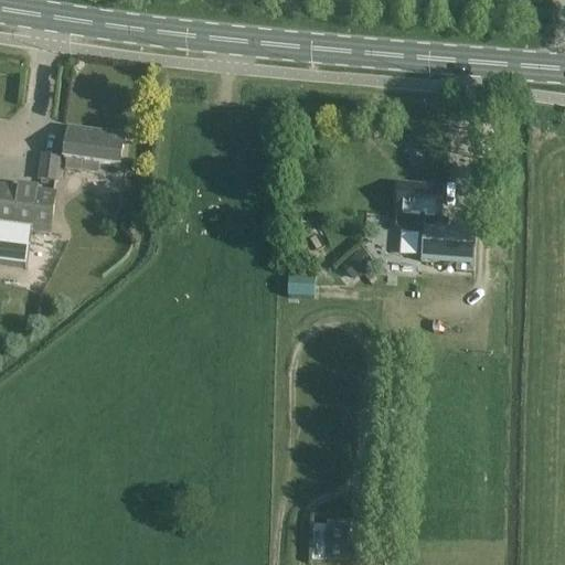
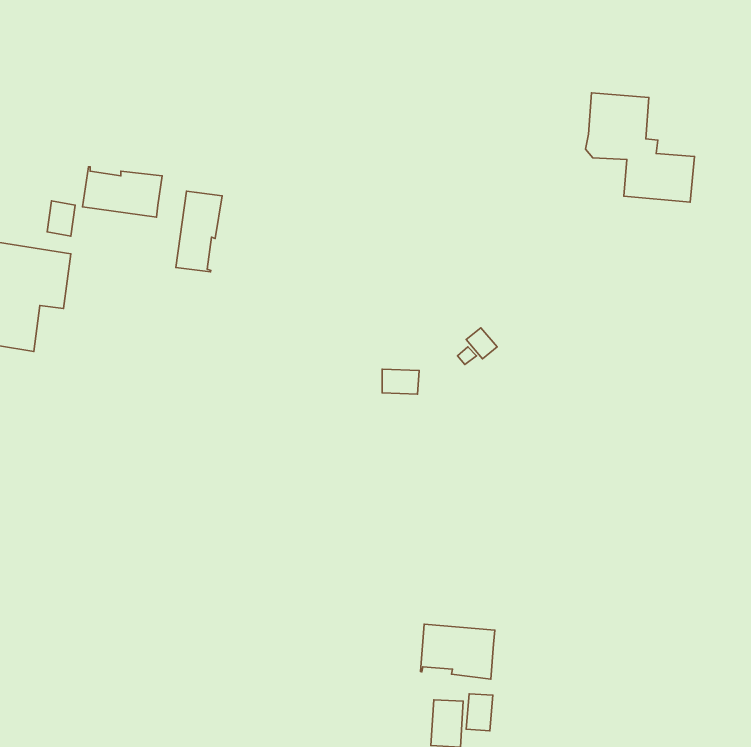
building: none -> [176,191,222,272]
building: [393,181,475,263] -> [585,93,695,202]
building: none -> [420,624,495,679]

